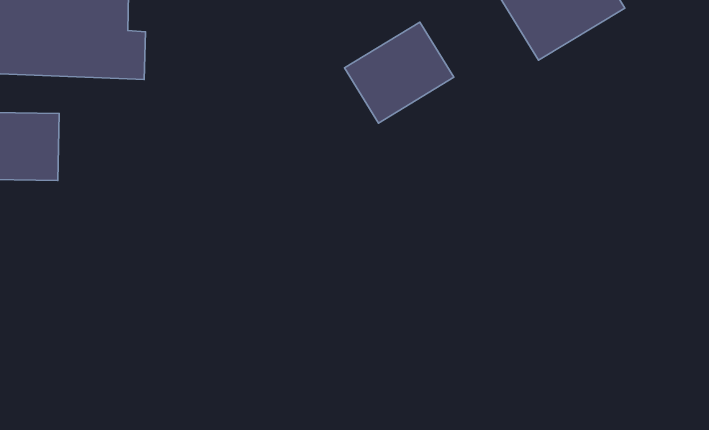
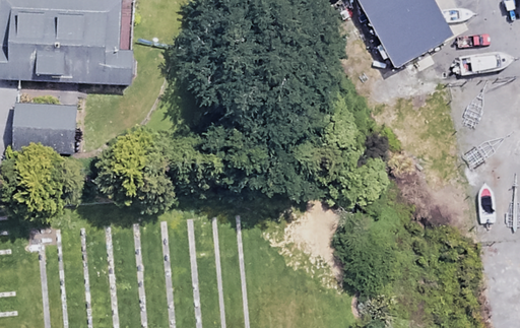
building: [344,22,454,123] -> none

